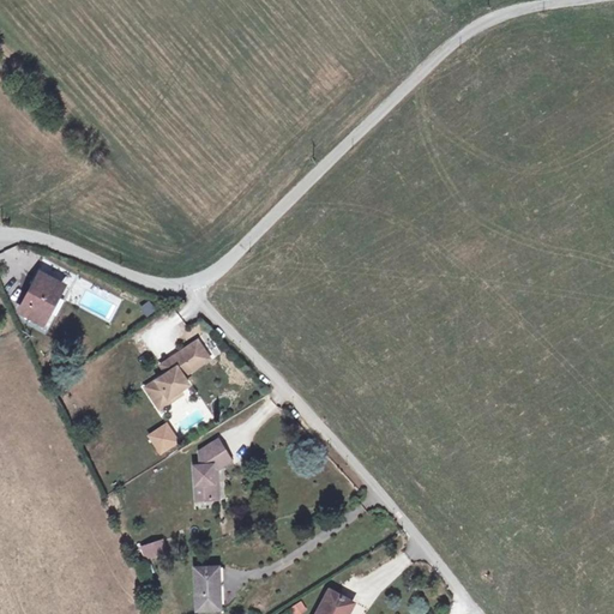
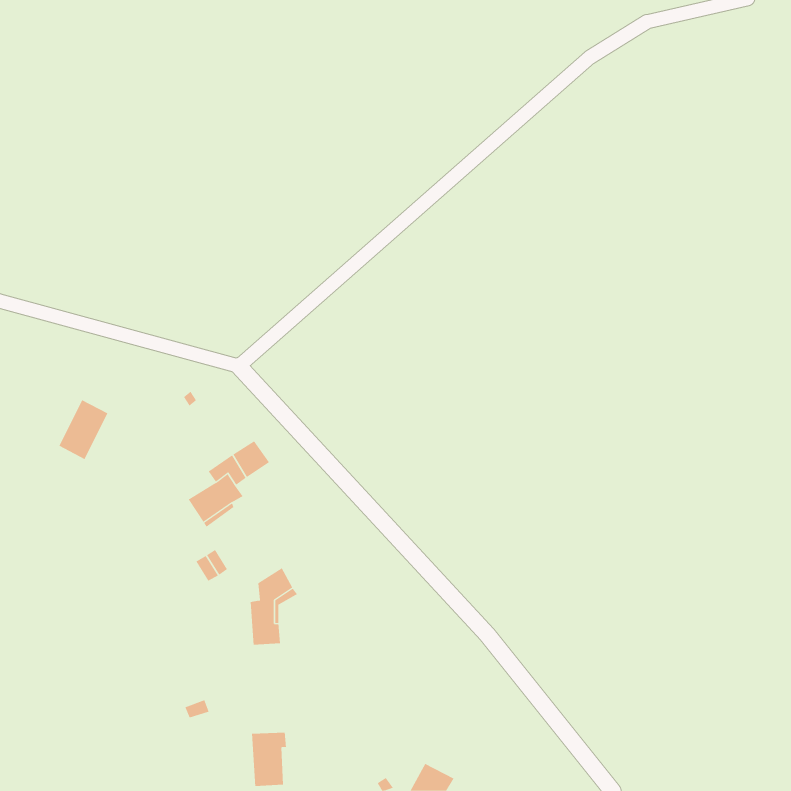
building: [22,273,60,320] -> [59,399,108,460]

